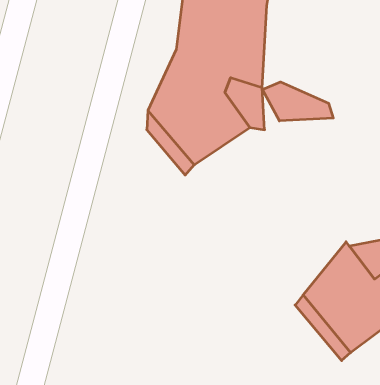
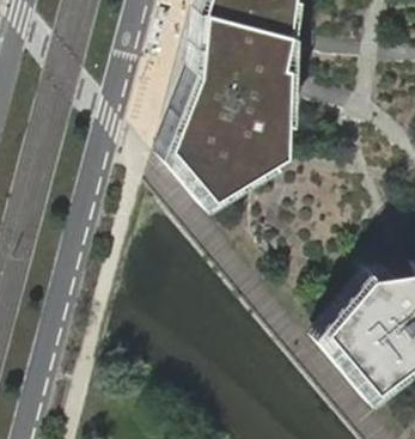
building: [262,82,333,121] -> none

